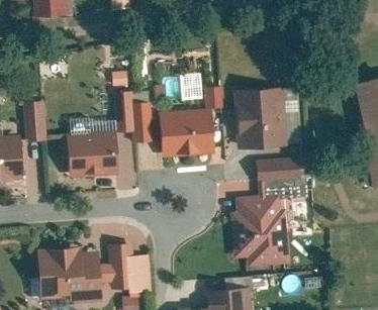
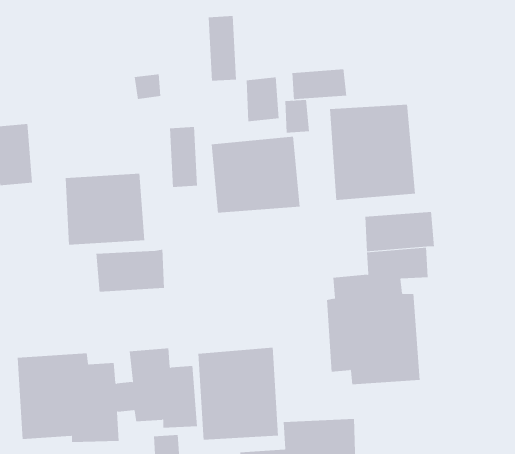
building: none -> [292,69,347,100]
building: [115,91,133,132] -> [208,16,237,81]
building: none -> [96,249,165,293]
building: none -> [198,347,279,440]

